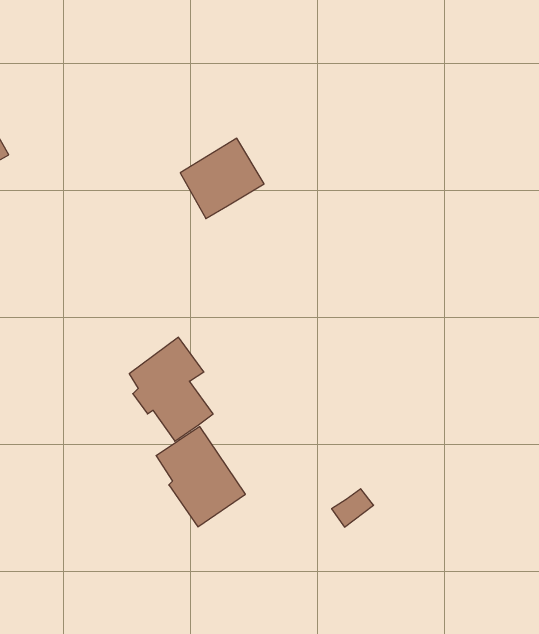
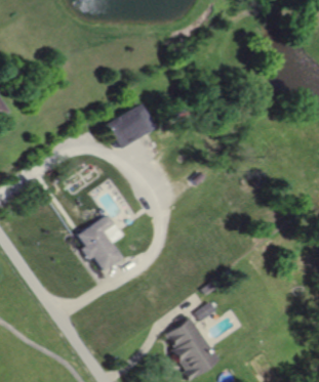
building: [156,427,245,527] -> [163,319,213,375]

